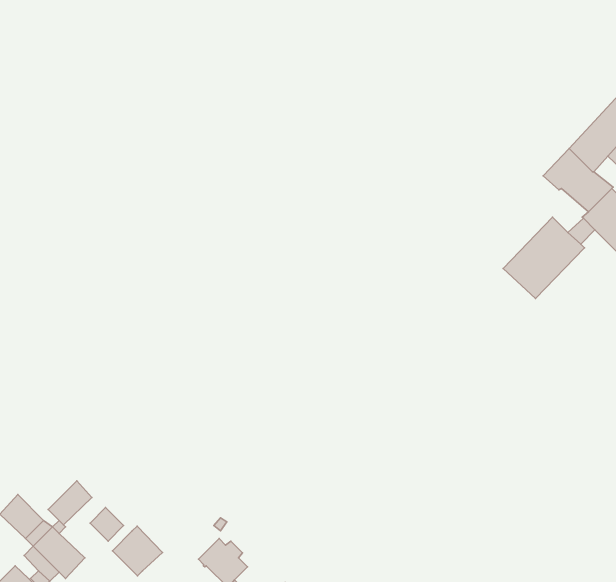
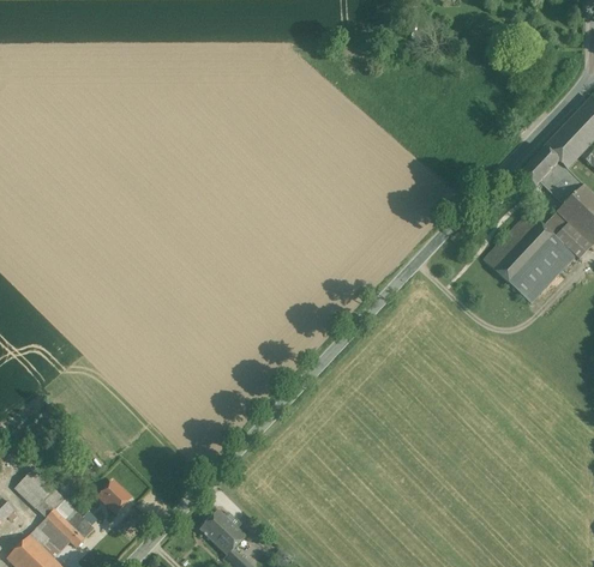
building: none -> [514,240,576,303]
building: [48,481,92,525] -> none
building: [112,526,163,576] -> none

